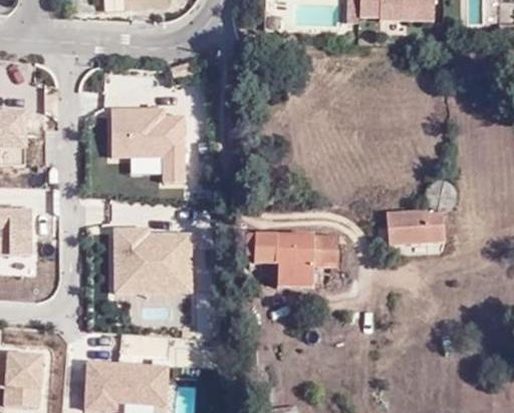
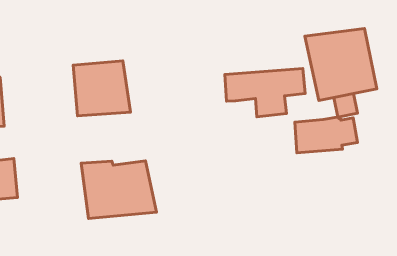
building: none -> [305,28,377,100]
building: [241,230,337,285] -> [225,69,305,117]

